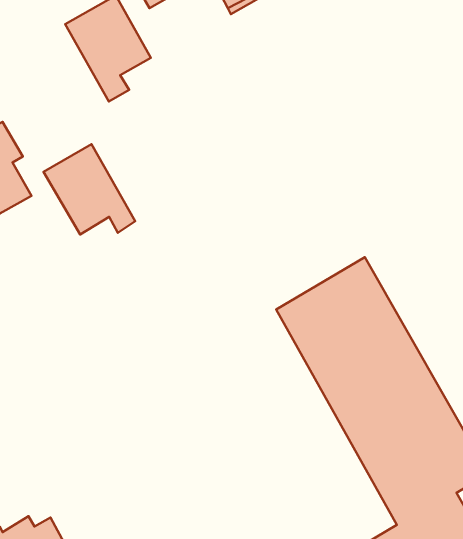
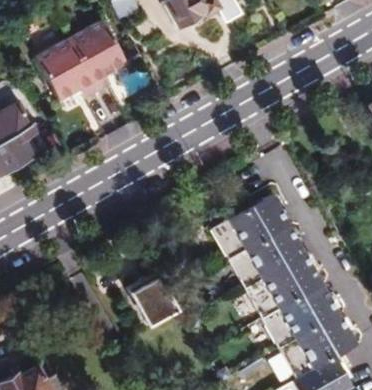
building: [44,144,135,234] -> [33,34,96,96]
building: none -> [126,273,177,328]

